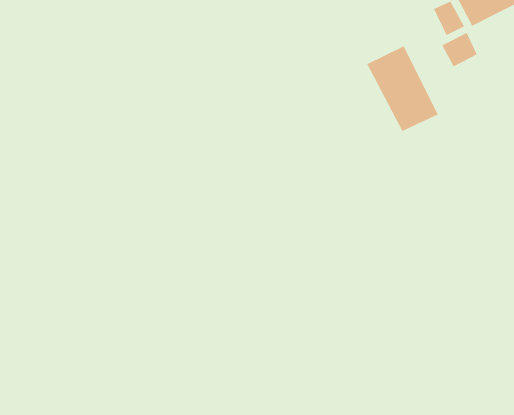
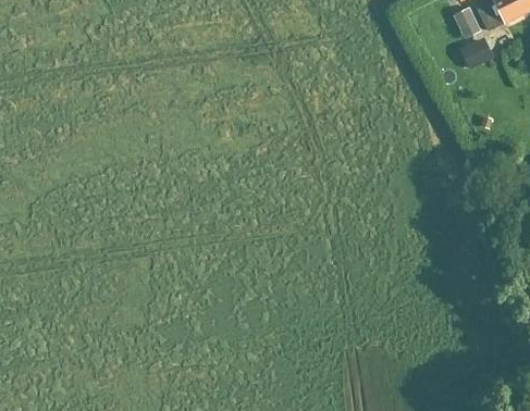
building: [367,46,439,132] -> none

